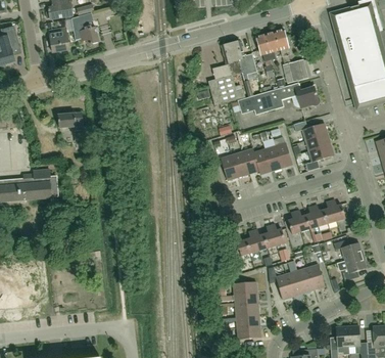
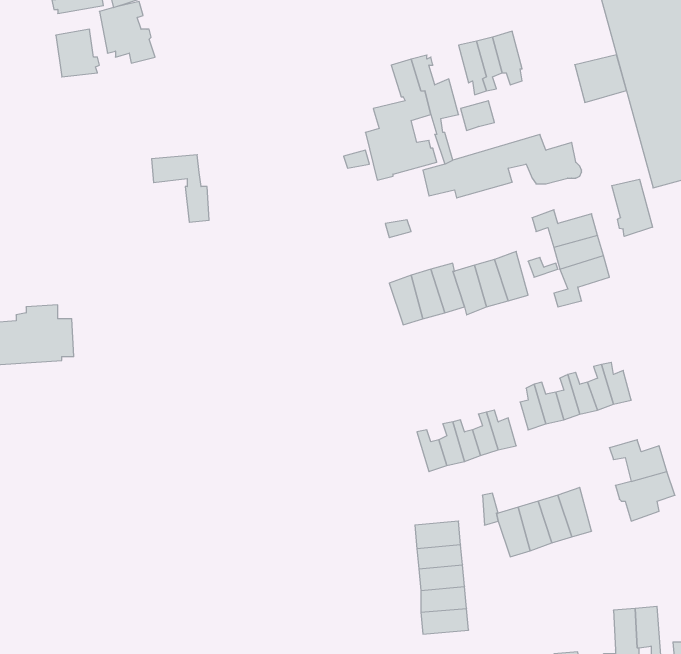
building: [282,59,308,84] -> [575,55,626,102]
building: none -> [612,179,653,236]
building: [58,114,88,148] -> [152,155,209,222]

